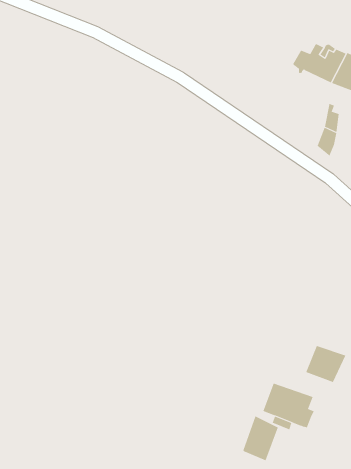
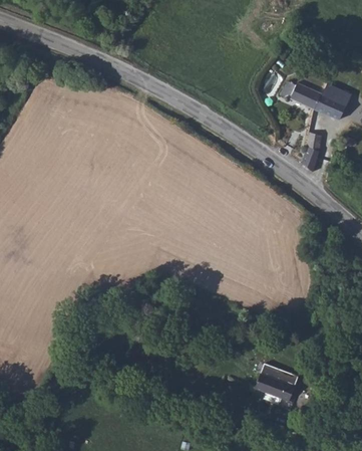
building: [305,345,346,383] -> none
building: [242,415,278,461] -> none

